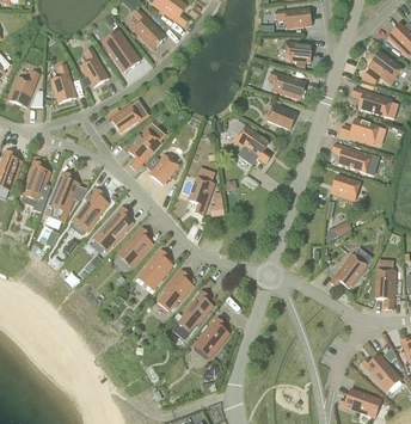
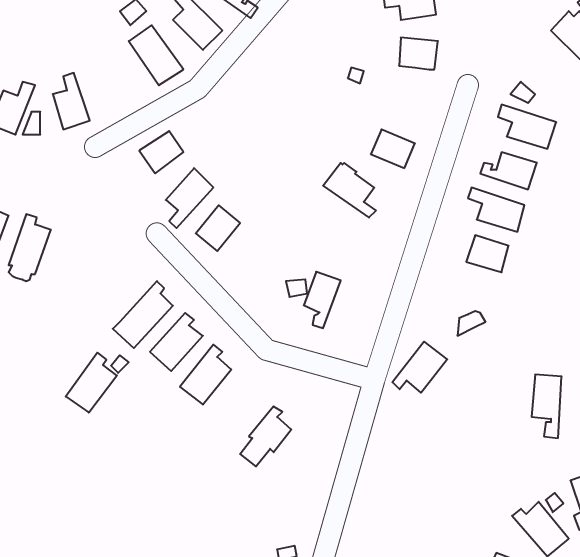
building: [80,48,109,87] -> none
building: [368,50,403,82] -> none
building: [269,70,306,99] -> none
building: [50,172,80,213] -> none
building: [189,177,214,215] -> [304,272,341,328]
building: [74,188,109,228] -> [66,353,117,413]
building: [330,253,367,288] -> [392,342,447,393]
building: [158,269,192,311] -> none
building: [195,317,228,357] -> none

